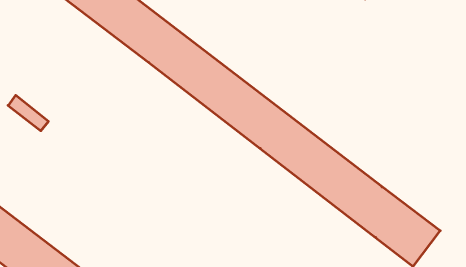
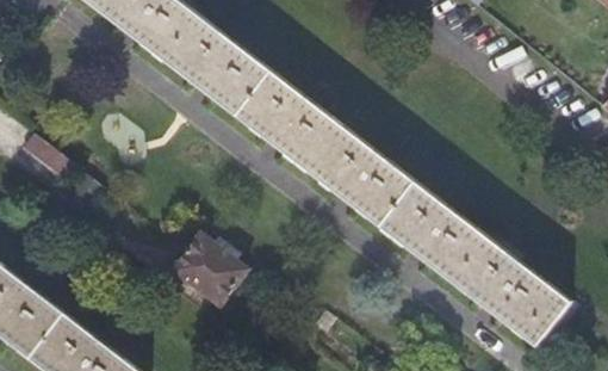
building: none -> [175,234,248,303]

